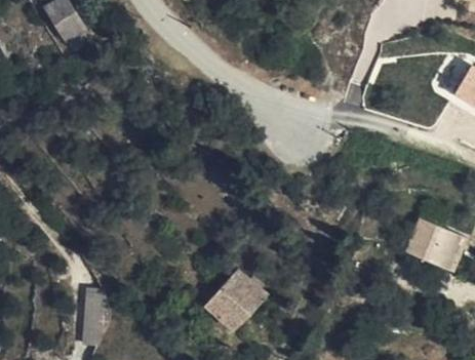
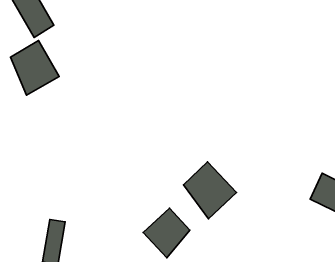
building: none -> [10,41,59,95]
building: none -> [183,162,236,219]

